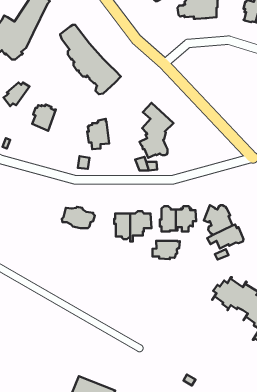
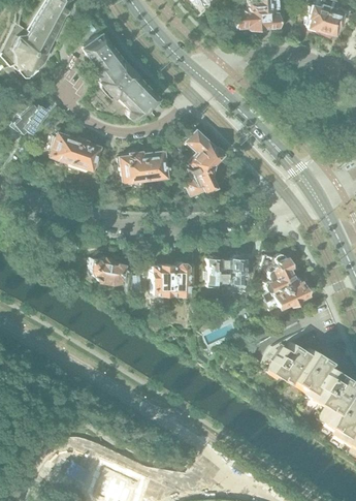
building: none -> [71,136,101,173]
building: none -> [142,150,169,183]
building: [152,241,180,259] -> none

